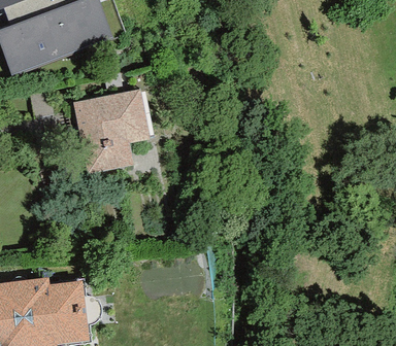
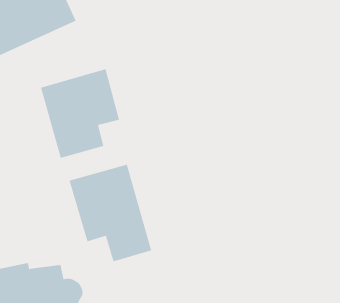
building: none -> [69,164,152,262]

